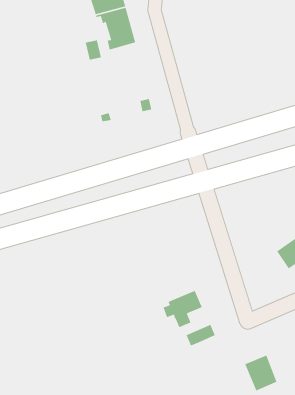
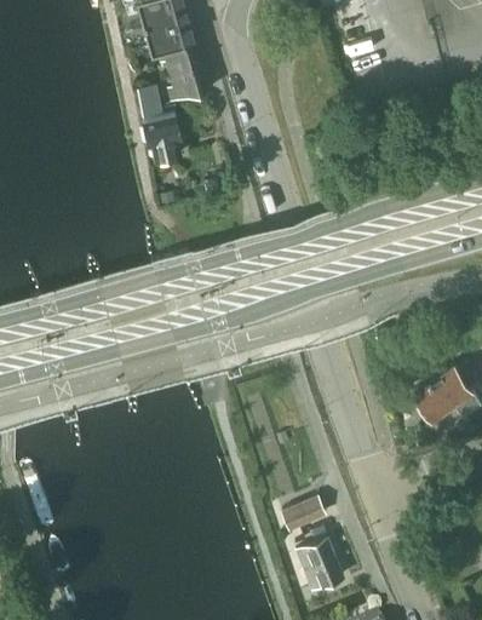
building: none -> [142,116,179,161]
building: [162,290,203,328] -> none
building: [244,355,278,391] -> [294,539,343,592]

